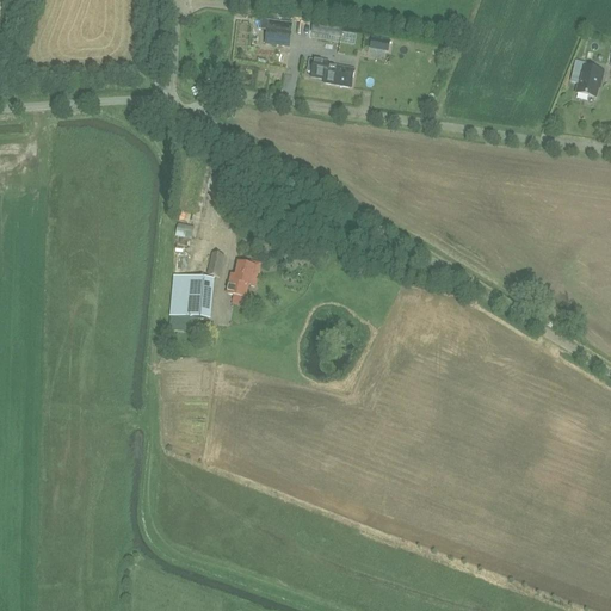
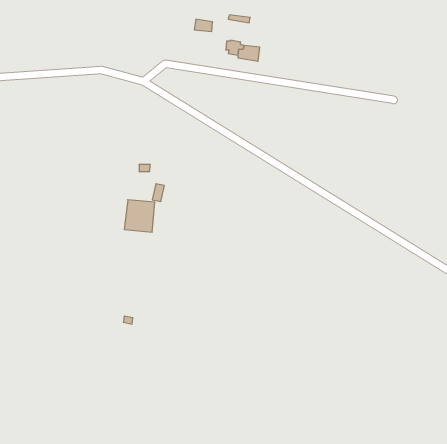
building: [576,62,604,94] -> none
building: [229,259,255,294] -> none

